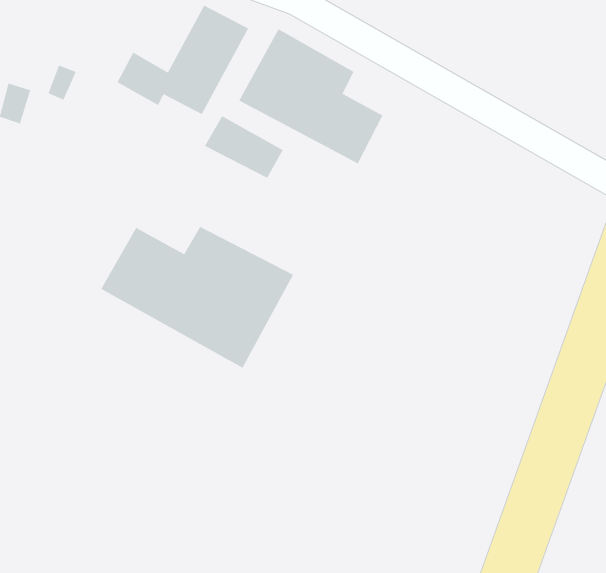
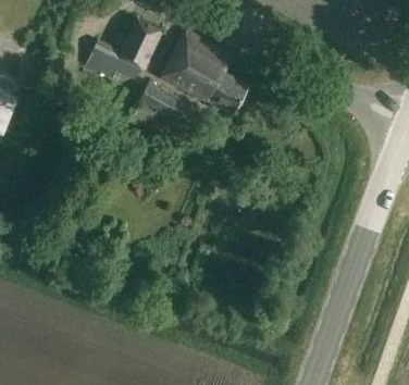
building: [100,226,294,369] -> none

